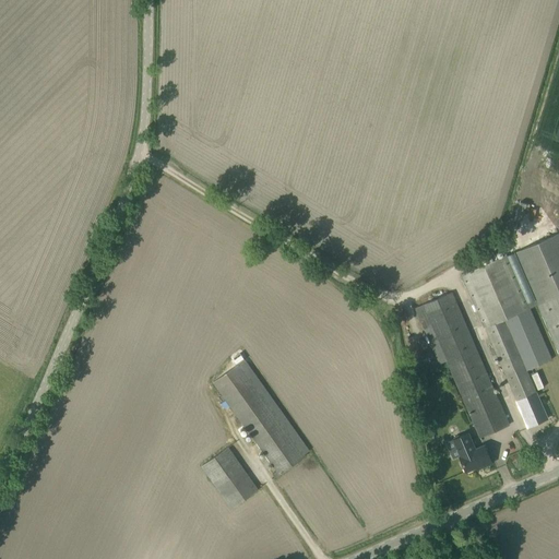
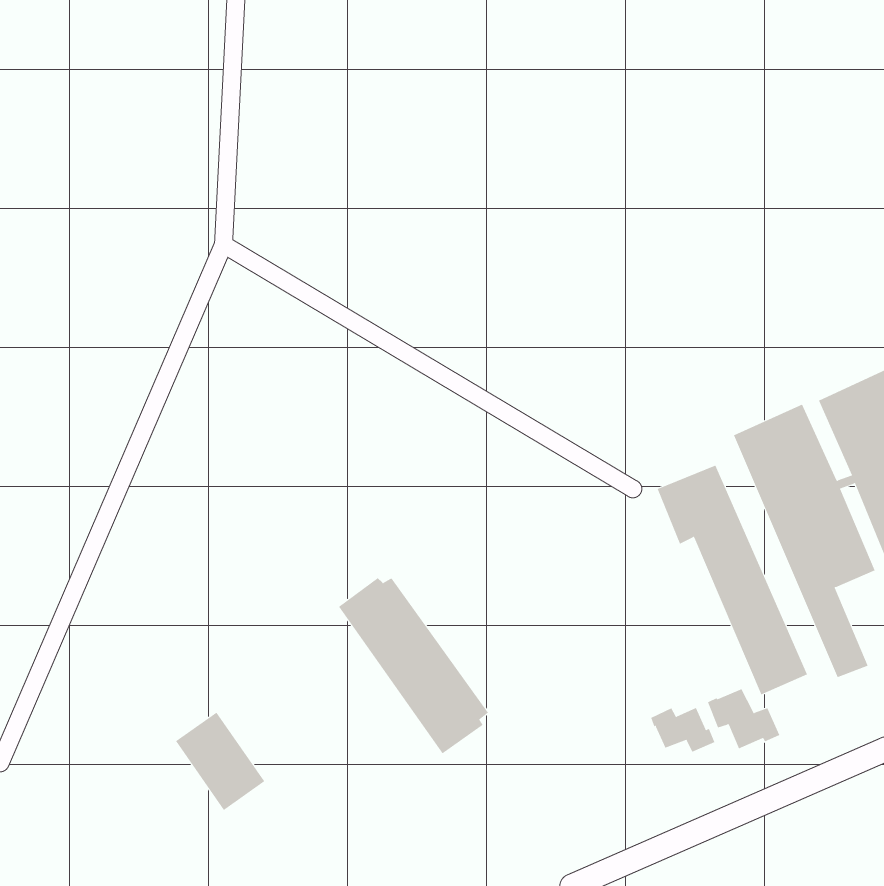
building: none -> [650,707,715,753]
building: [202,447,259,509] -> [175,712,265,811]

